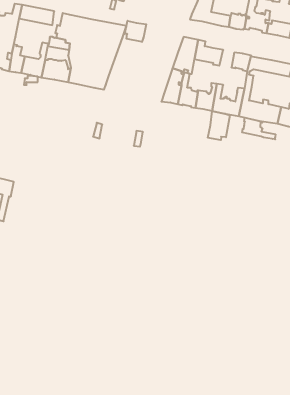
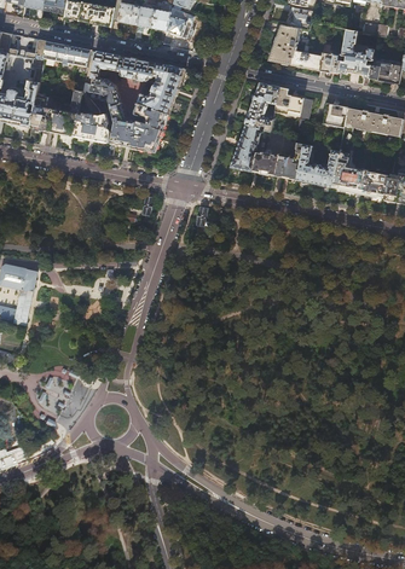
building: [125,21,146,42] -> none
building: [208,111,230,140] -> none
building: [242,118,275,139] -> none

